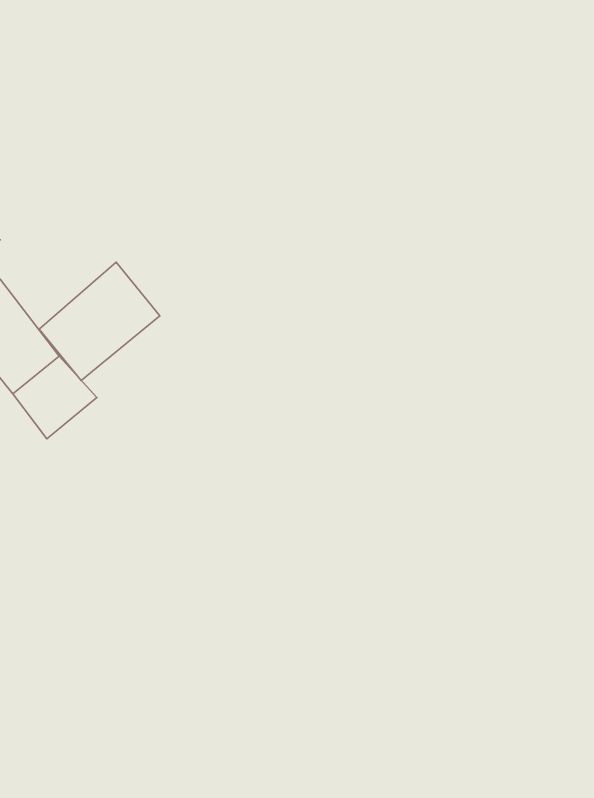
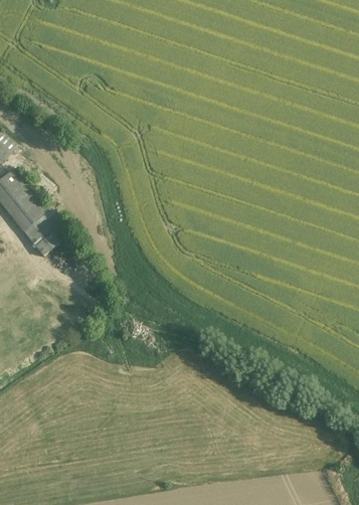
building: [39,262,160,380] -> none

